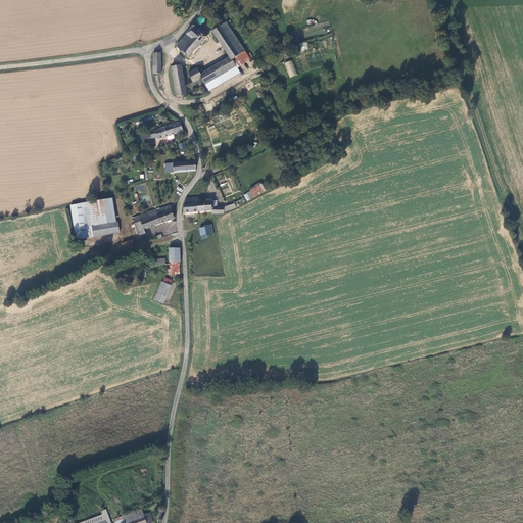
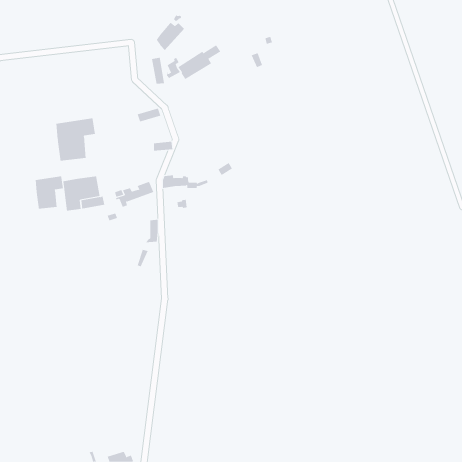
building: [211,21,244,59] -> none
building: none -> [56,118,96,161]
building: none -> [35,175,63,209]

